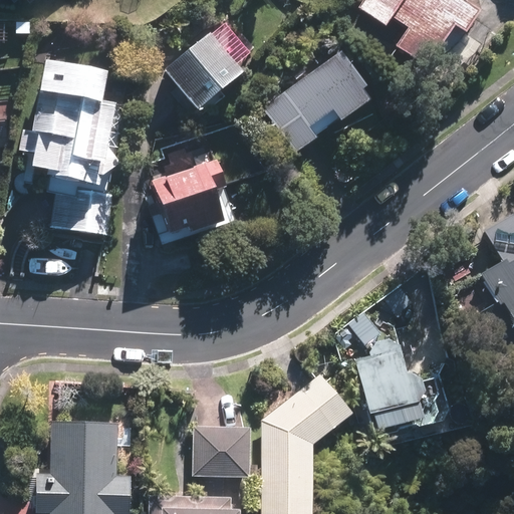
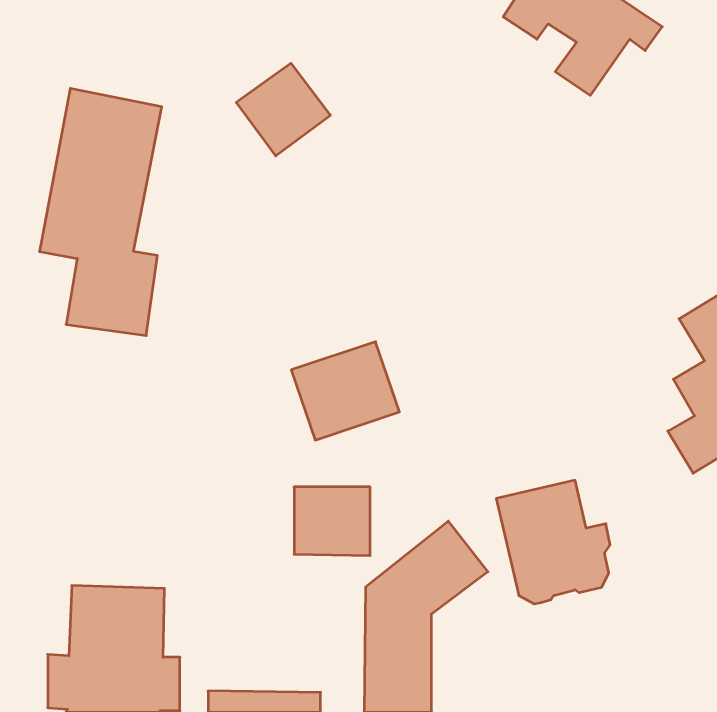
building: [267,63,365,153] -> none
building: [155,169,232,239] -> [291,342,399,440]
building: [195,424,249,473] -> [294,487,370,556]

